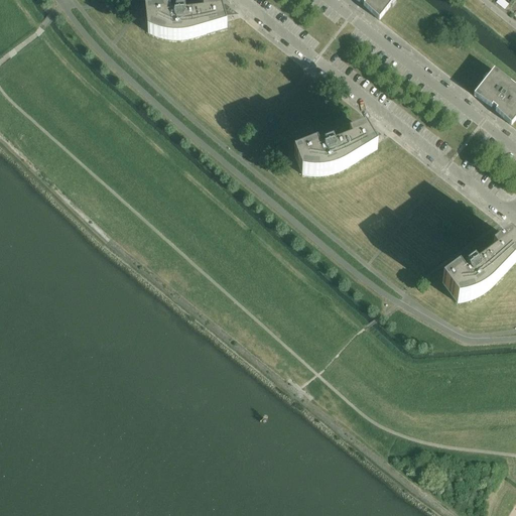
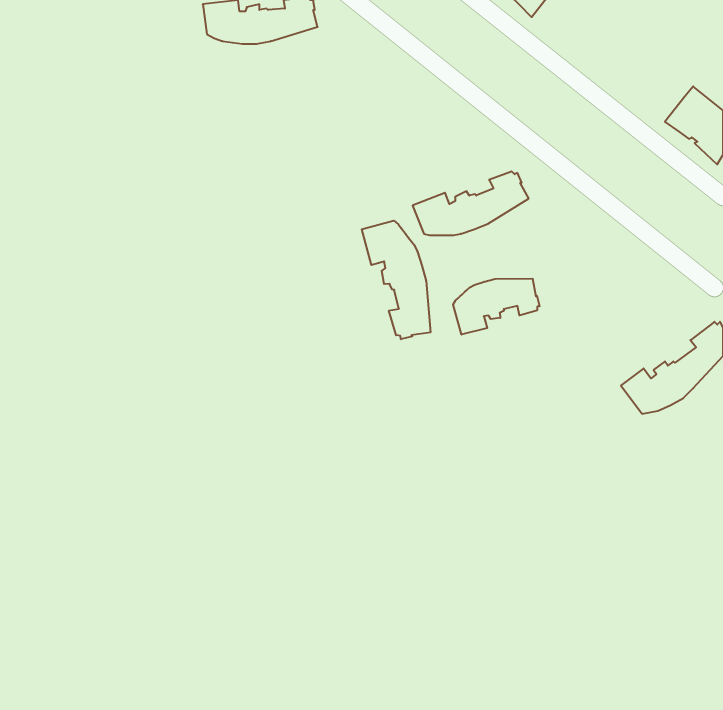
building: none -> [362,221,430,339]
building: none -> [453,279,540,335]

